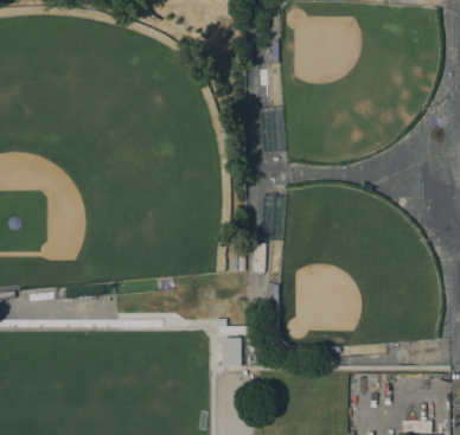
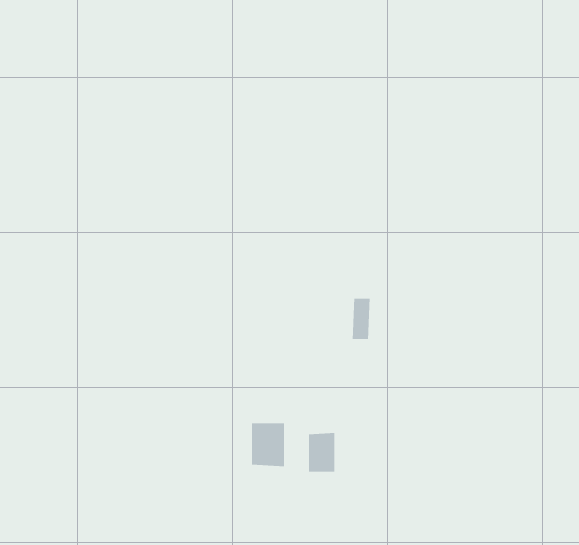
building: none -> [251,422,285,467]

